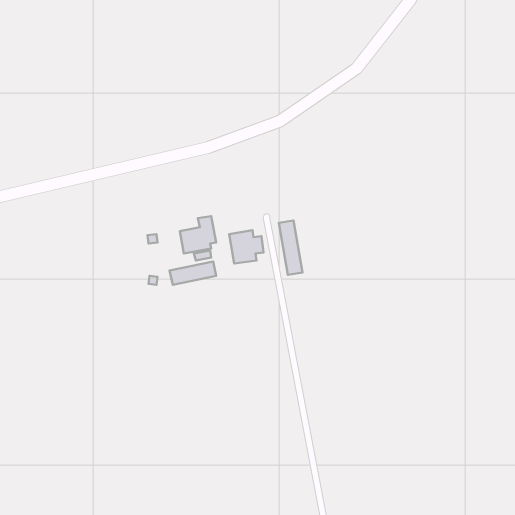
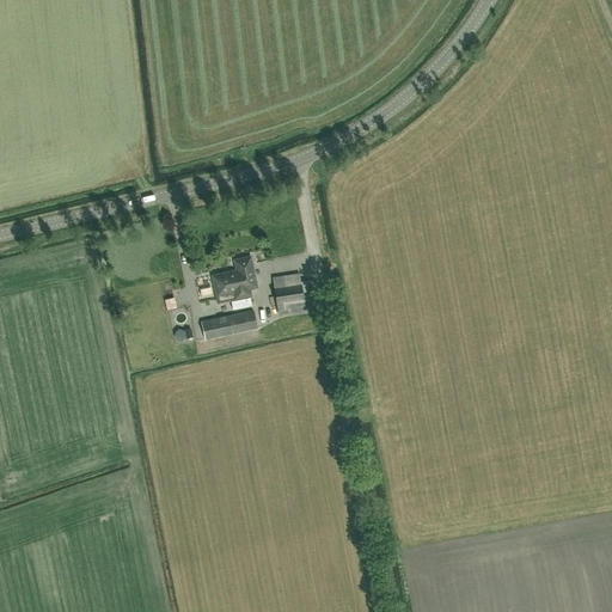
building: [279,220,303,275] -> none

